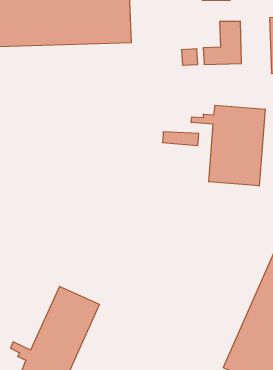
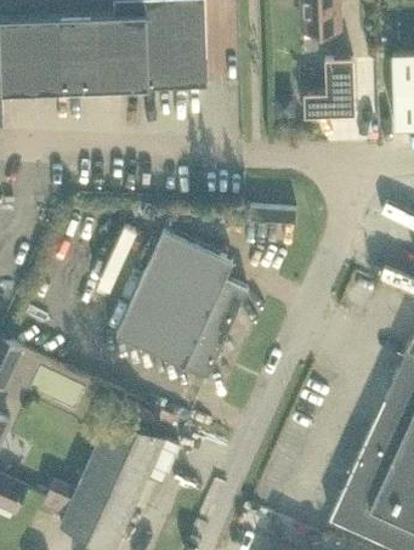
building: [191,105,265,186] -> none
building: none -> [115,232,246,379]

